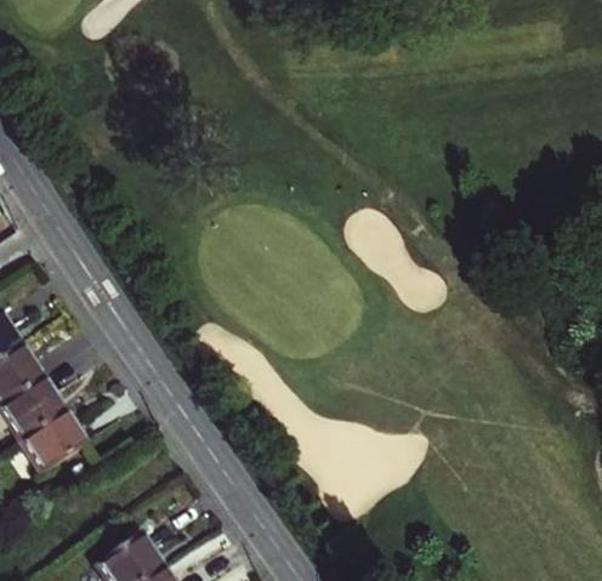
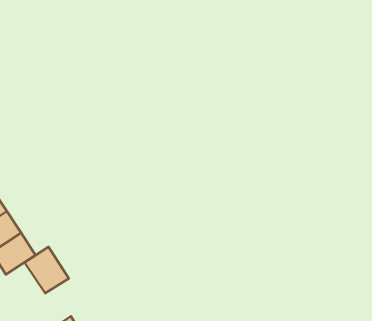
building: none -> [25,247,69,293]

